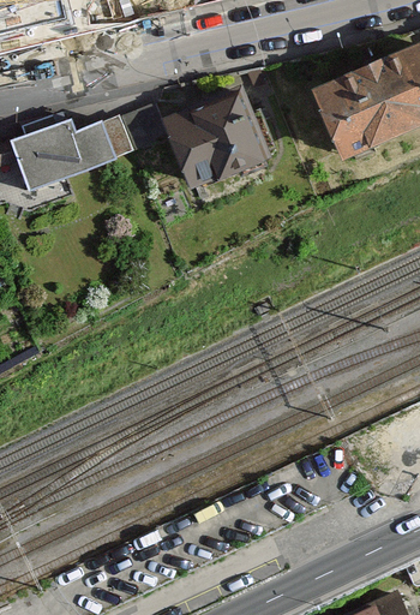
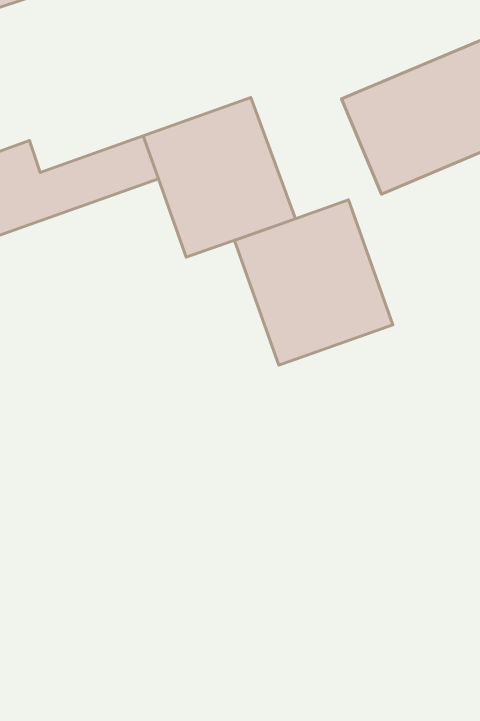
building: none -> [235,200,393,365]

